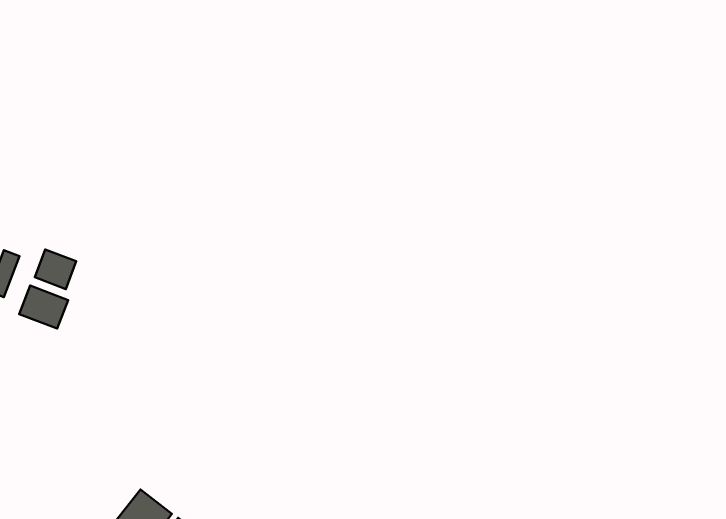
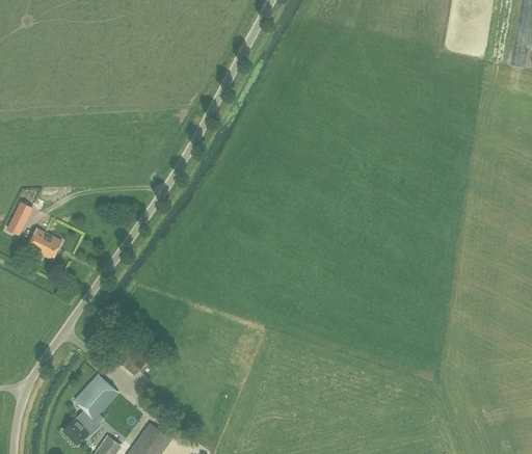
building: [35,249,76,289] -> none

